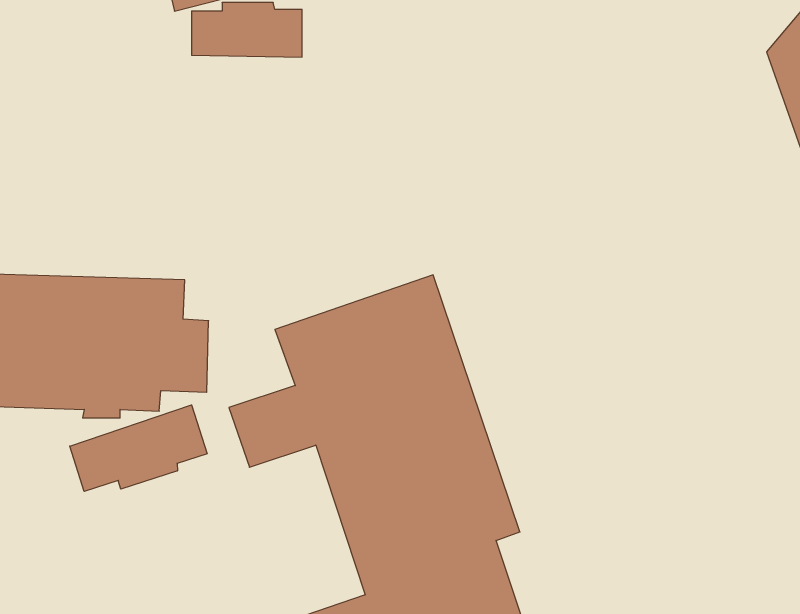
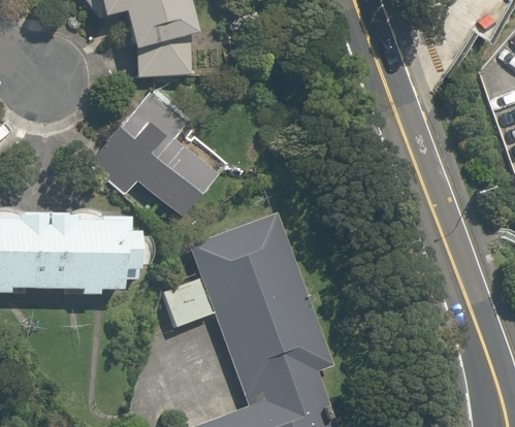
building: none -> [89,92,230,221]
building: [70,405,207,491] -> none

